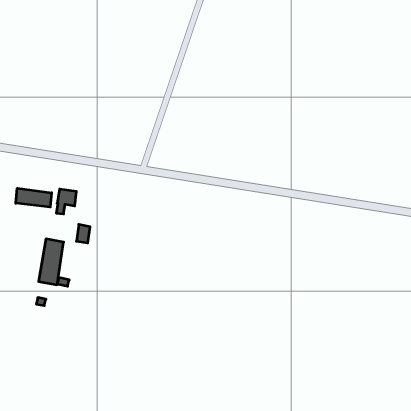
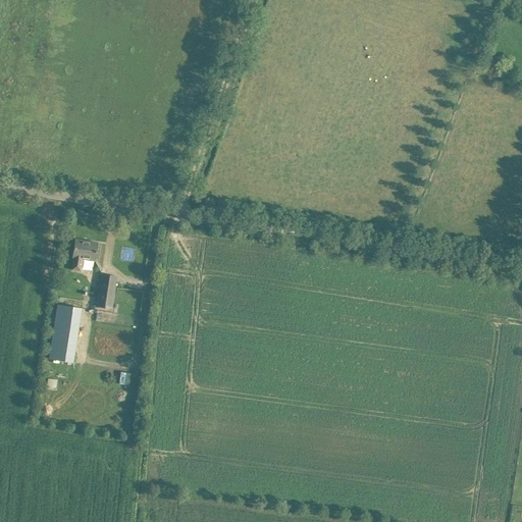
building: [16,188,52,207] -> none

